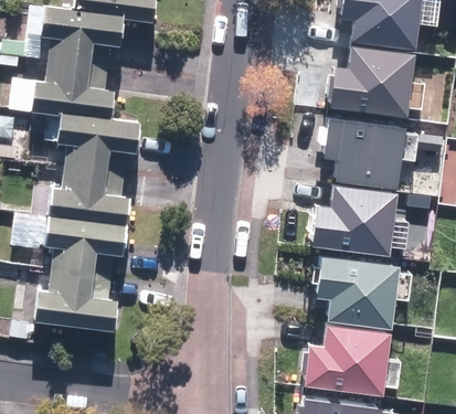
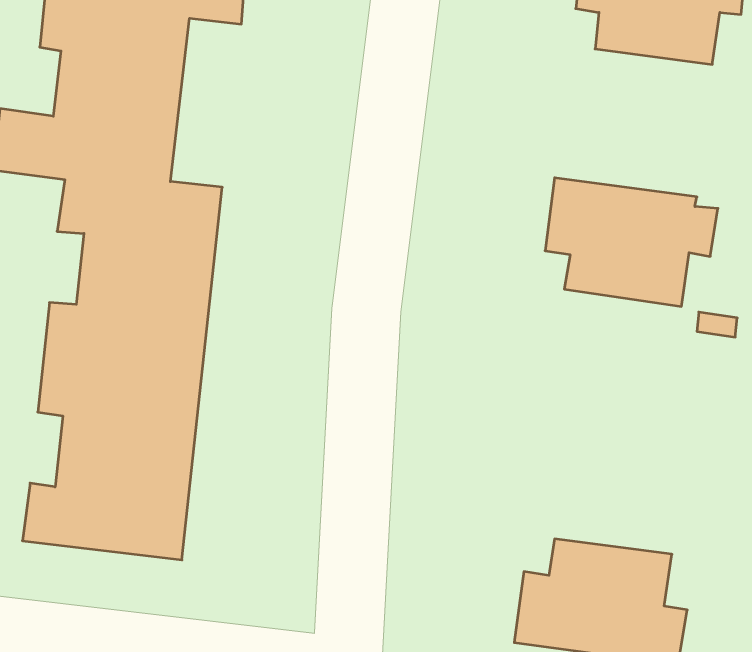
building: [326,45,424,117] -> none
building: [309,184,407,256] -> none
building: [315,256,414,329] -> none

